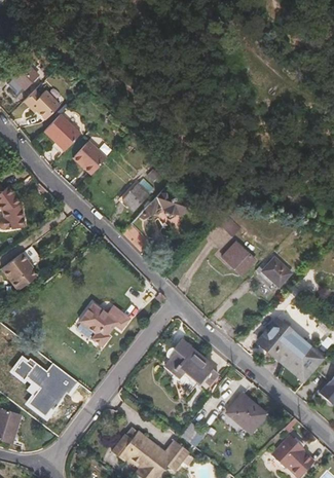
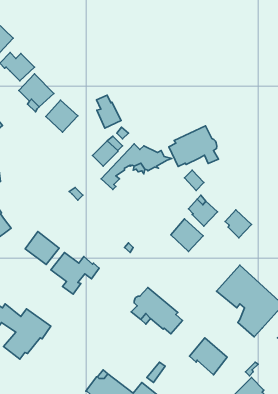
building: none -> [96,95,121,128]
building: none -> [169,126,218,167]
building: none -> [171,219,203,251]
building: none -> [25,232,59,265]

